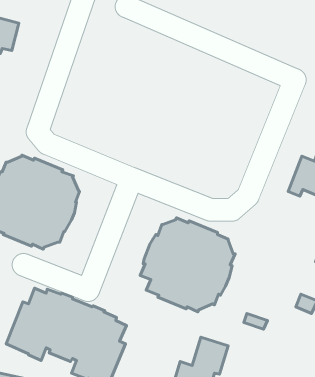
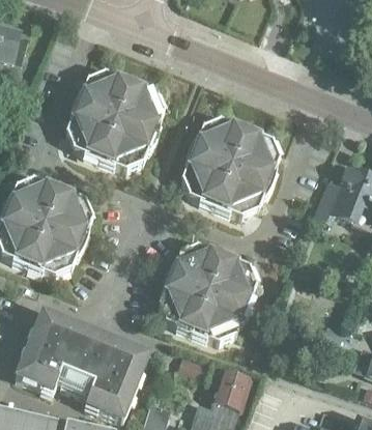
building: none -> [65,70,165,169]
building: none -> [181,116,280,216]

